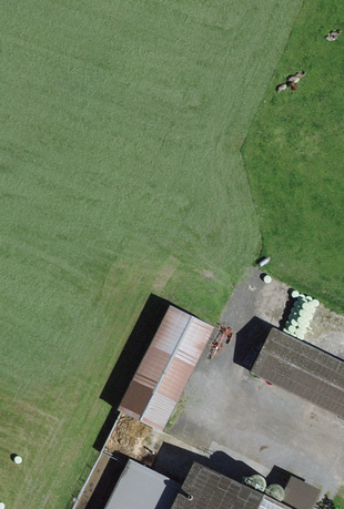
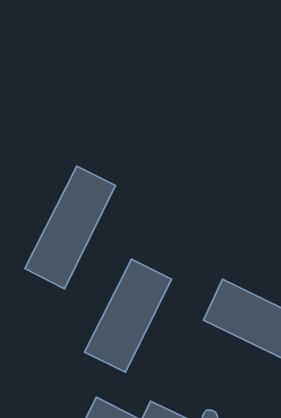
building: none -> [25,166,116,289]

